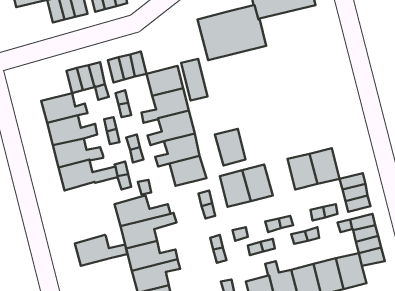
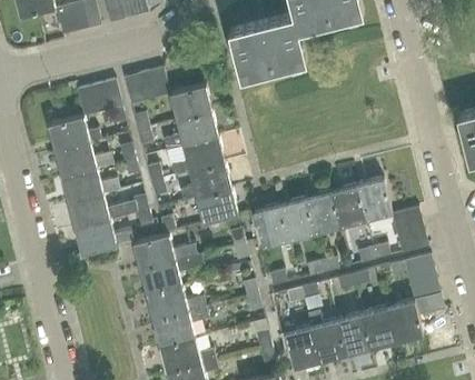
building: [181,59,208,100] -> none
building: [215,129,246,165] -> [305,191,340,233]
building: [75,235,127,266] -> [75,218,135,253]

